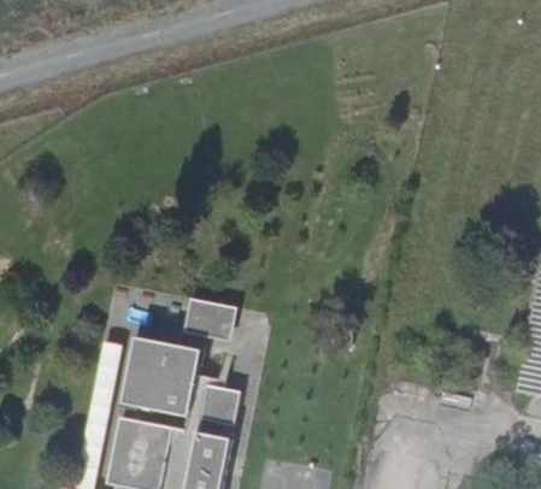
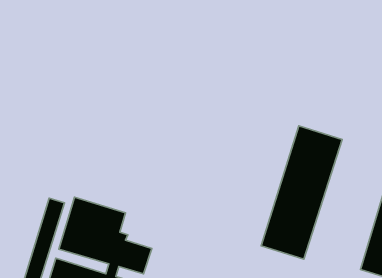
building: none -> [261,126,342,259]
building: [183,297,237,341] -> none

